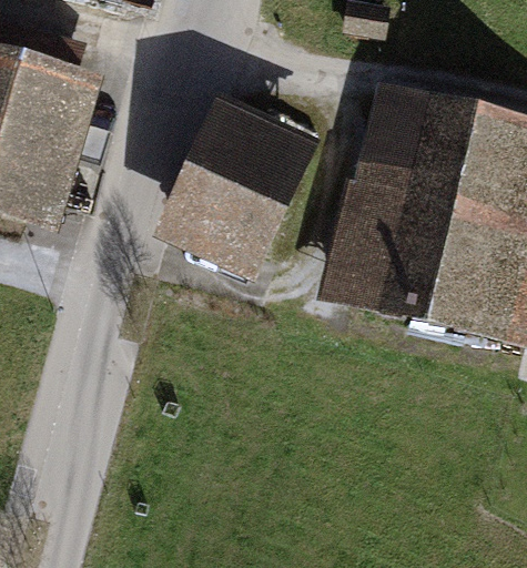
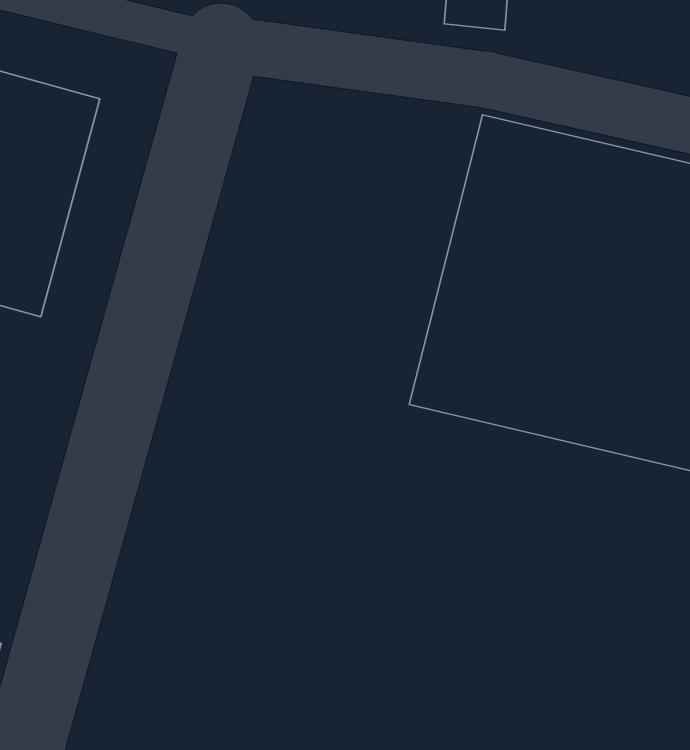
building: [161,97,322,277] -> none

